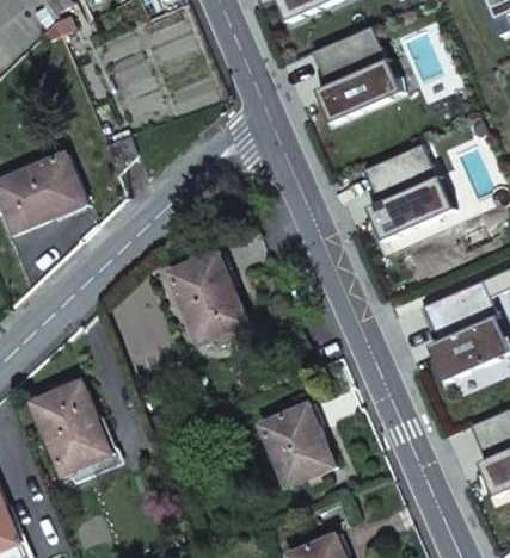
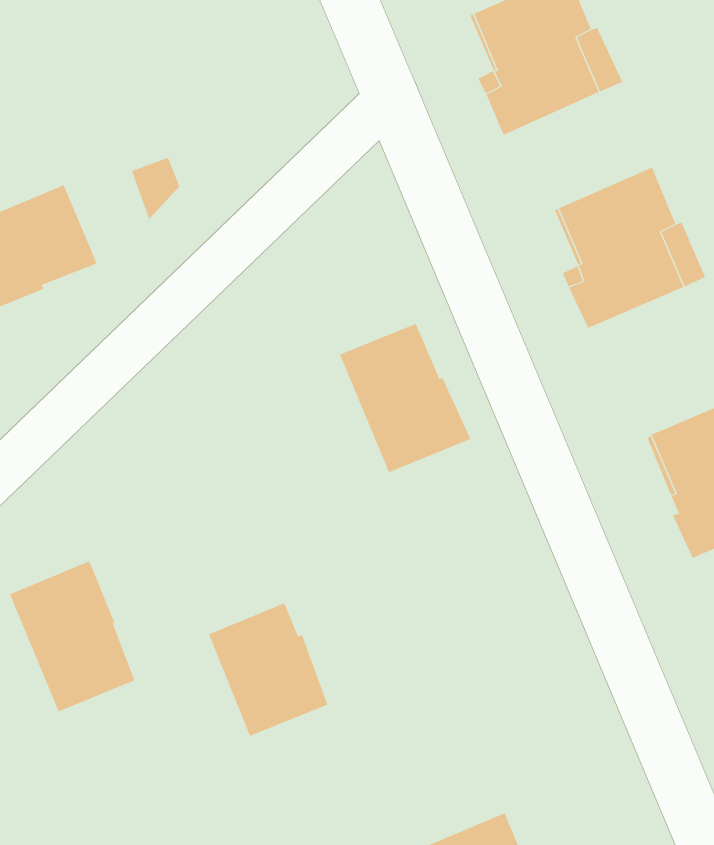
building: [170,253,250,343] -> [339,323,471,473]
building: [262,405,334,486] -> [208,603,328,736]

